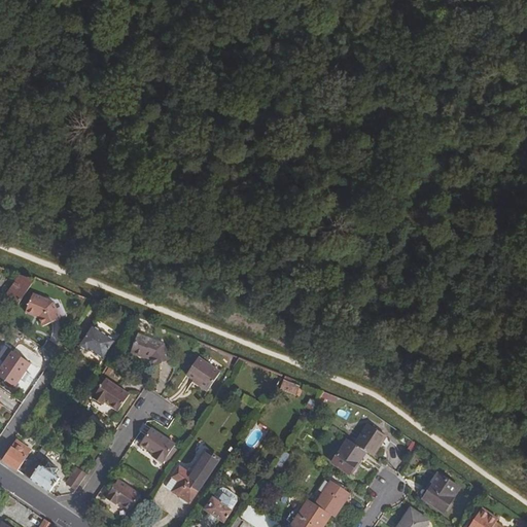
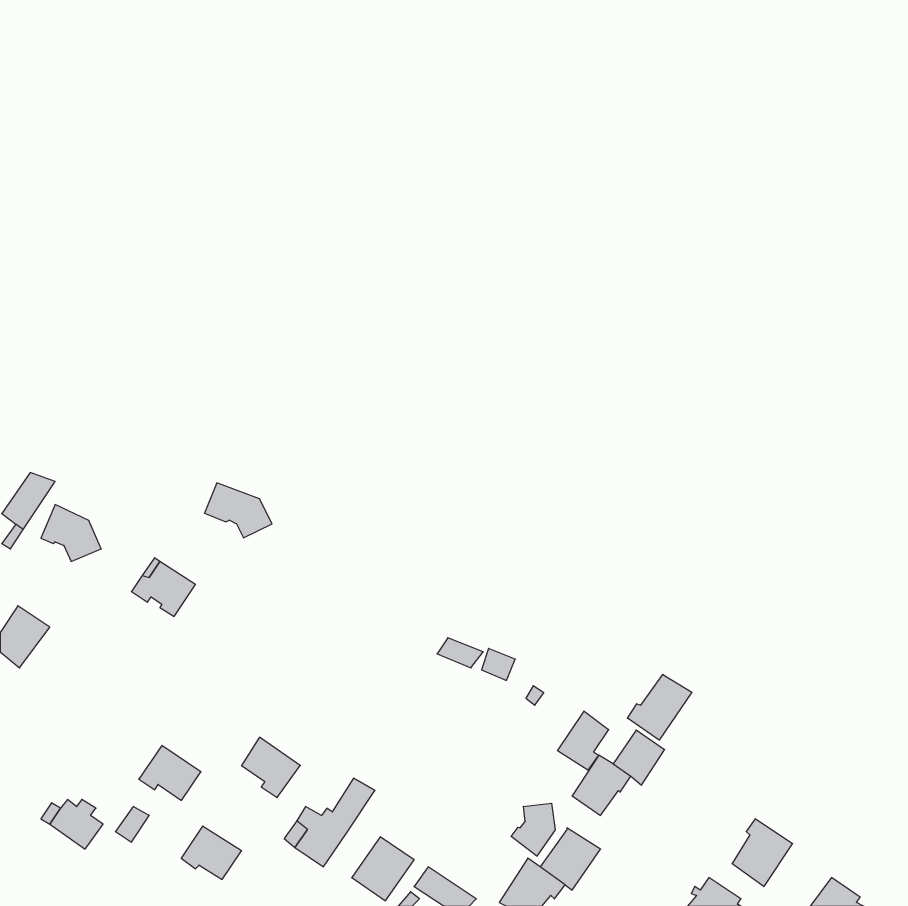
building: [131,332,170,364] -> [204,483,272,538]
building: [185,357,218,389] -> none
building: [93,378,129,410] -> [139,745,201,800]
building: none -> [627,674,692,740]
building: none -> [558,711,609,770]
building: [6,443,35,472] -> none
building: none -> [511,803,555,856]

